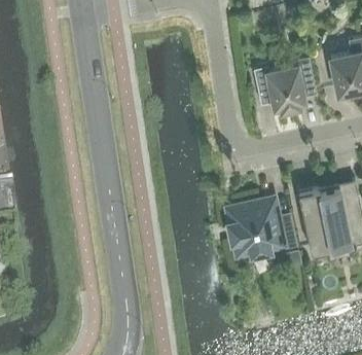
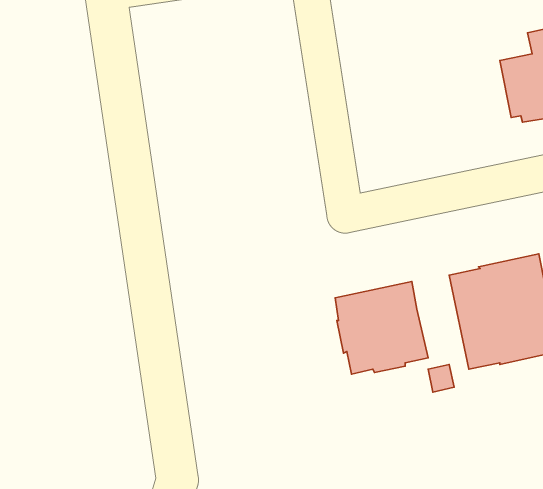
building: [253,57,316,110] -> none

